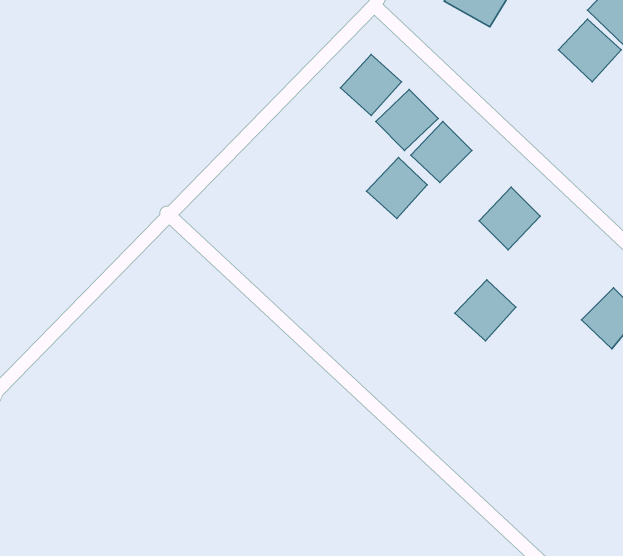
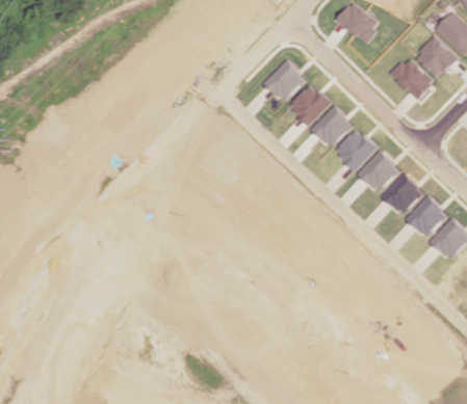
building: none -> [390,57,433,100]
building: [366,157,427,219] -> [335,129,377,170]
building: none -> [406,196,447,238]
building: [455,280,516,341] -> [382,173,423,215]

